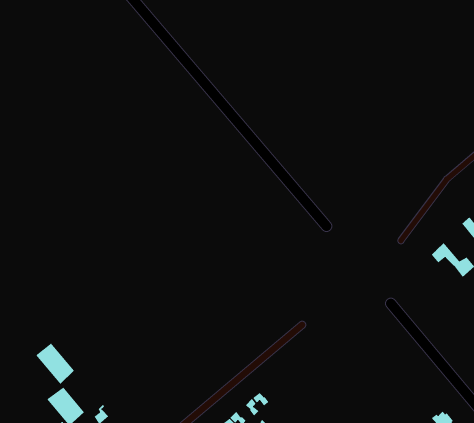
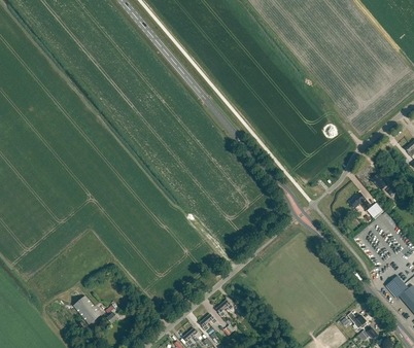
building: [35,343,75,385] -> none

